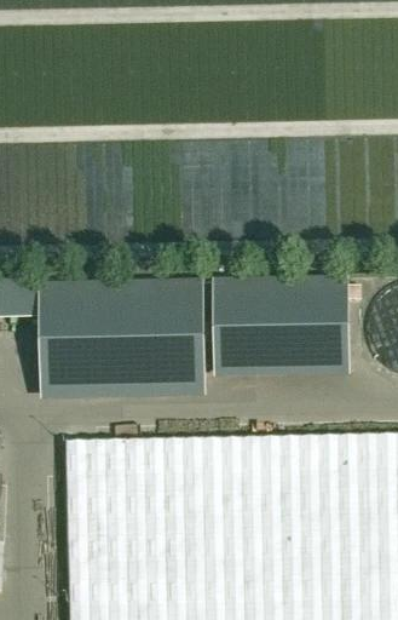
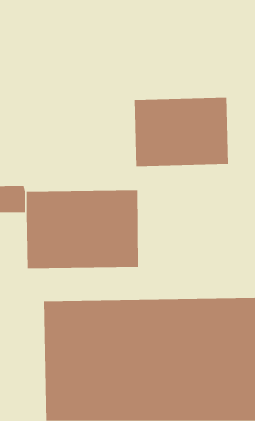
building: [214,279,348,378] -> [134,97,229,167]

